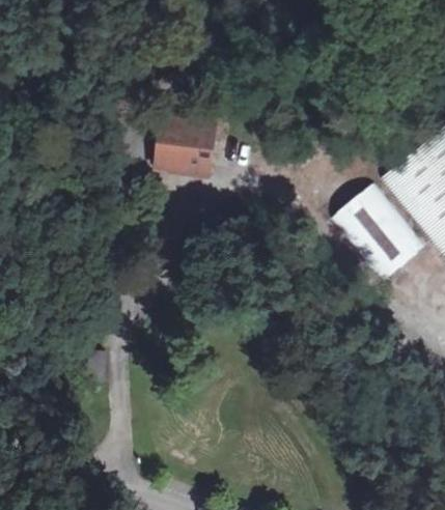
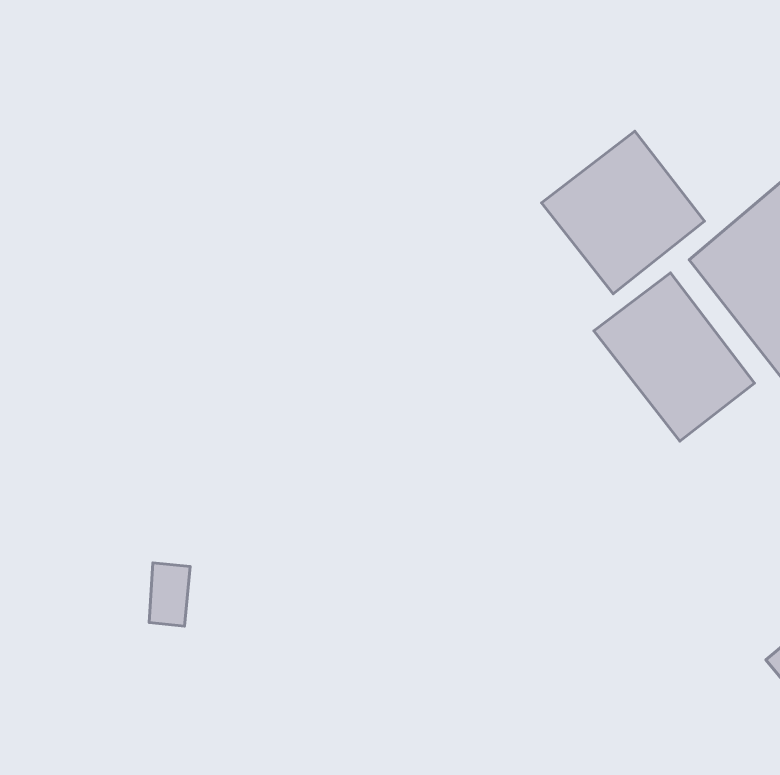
building: none -> [541,131,705,294]
building: [162,119,220,173] -> none

